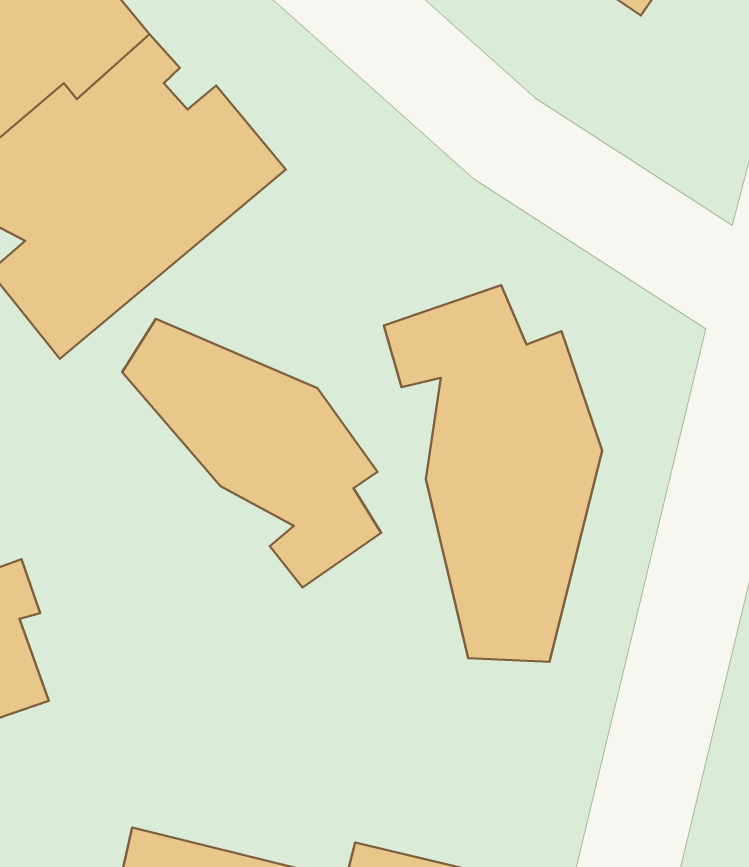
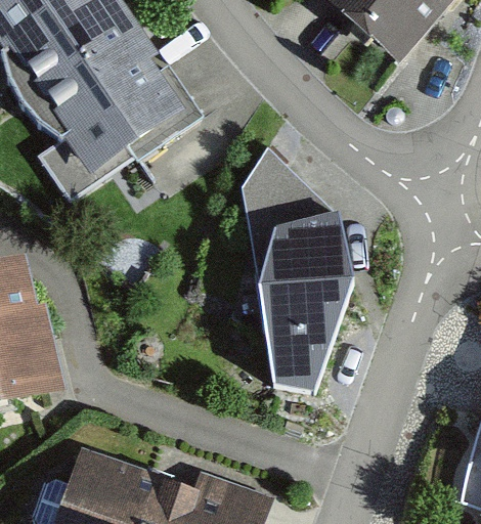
building: [122,319,381,588] -> none

